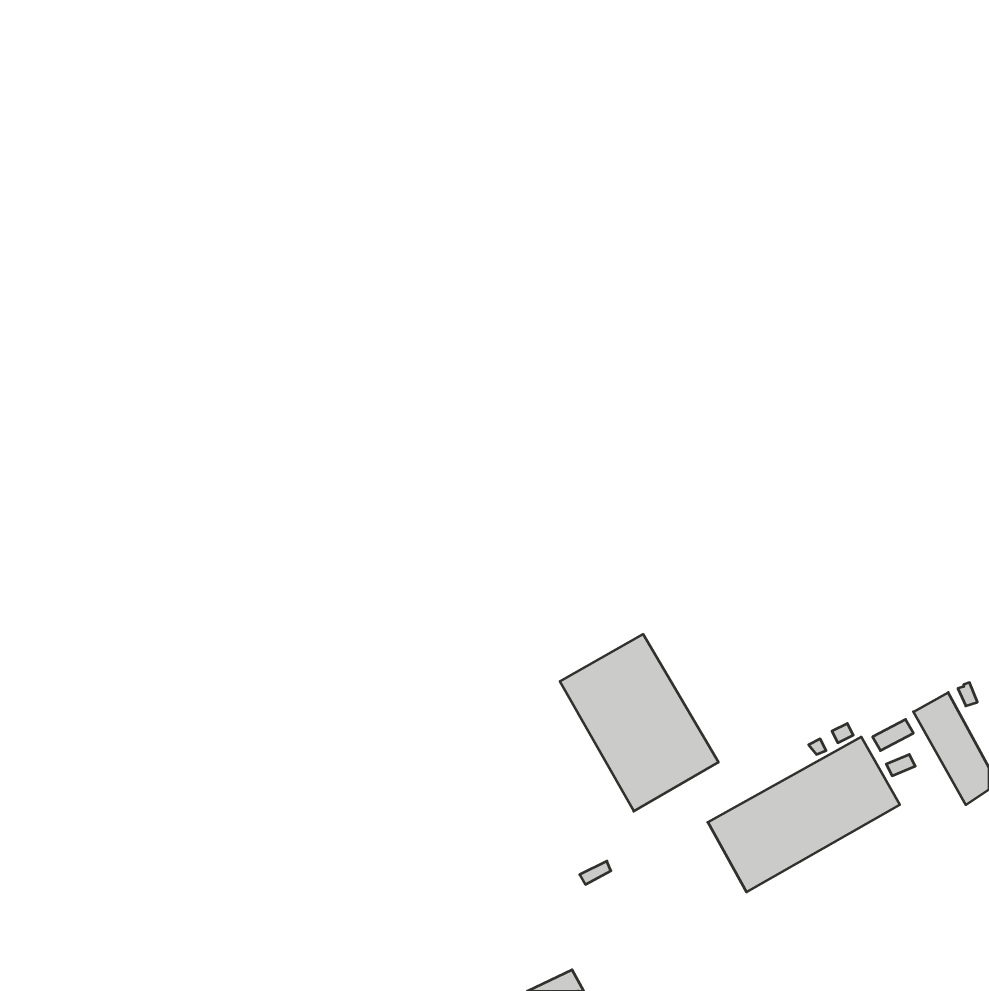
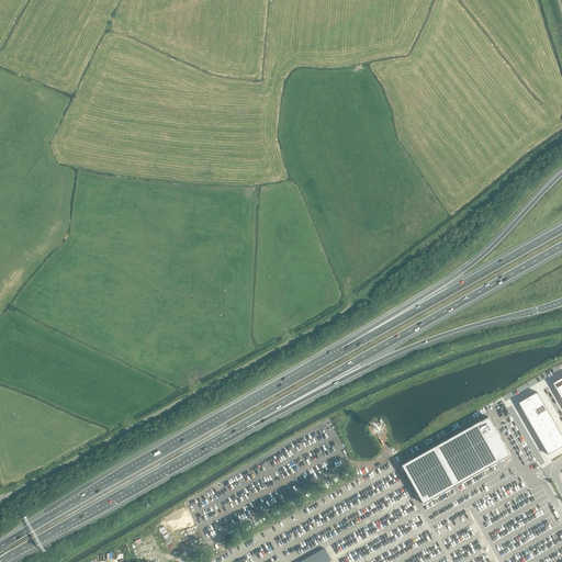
building: [560,634,718,811] -> none

